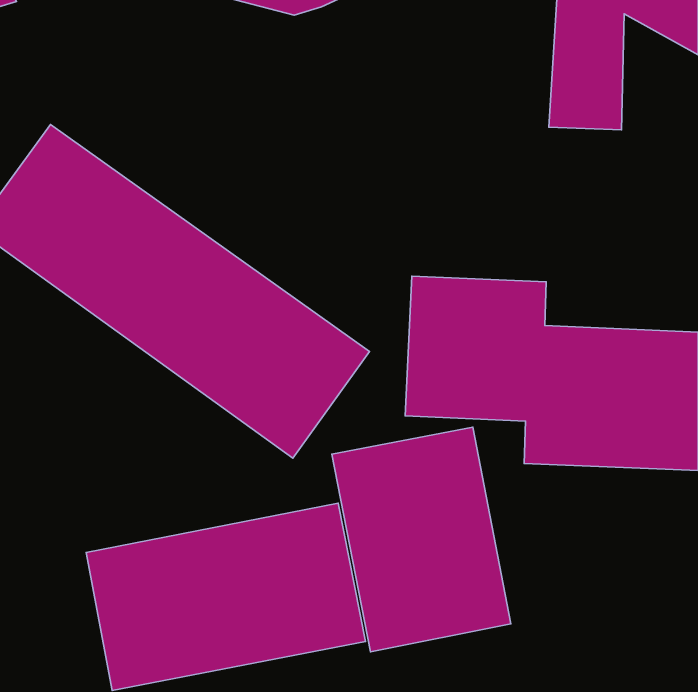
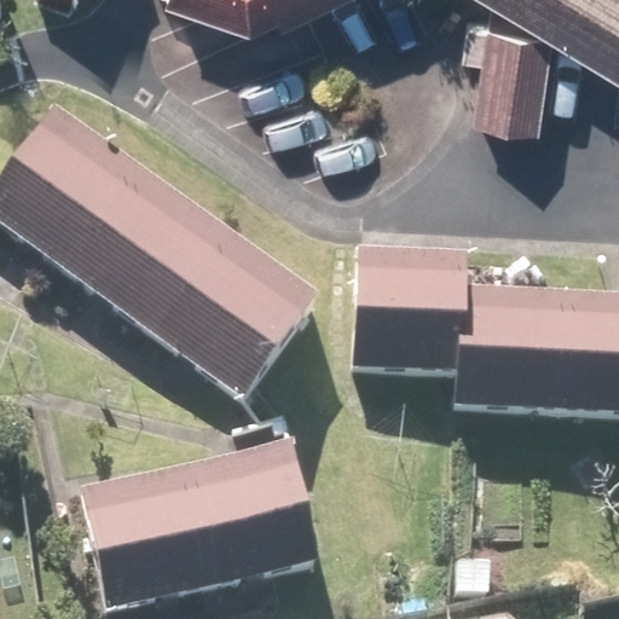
building: [332,427,511,652] -> none

